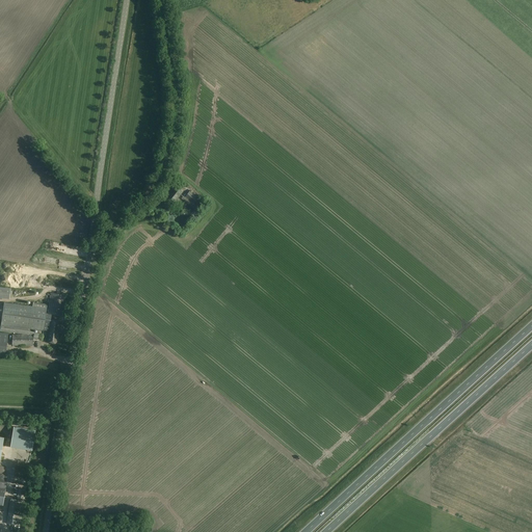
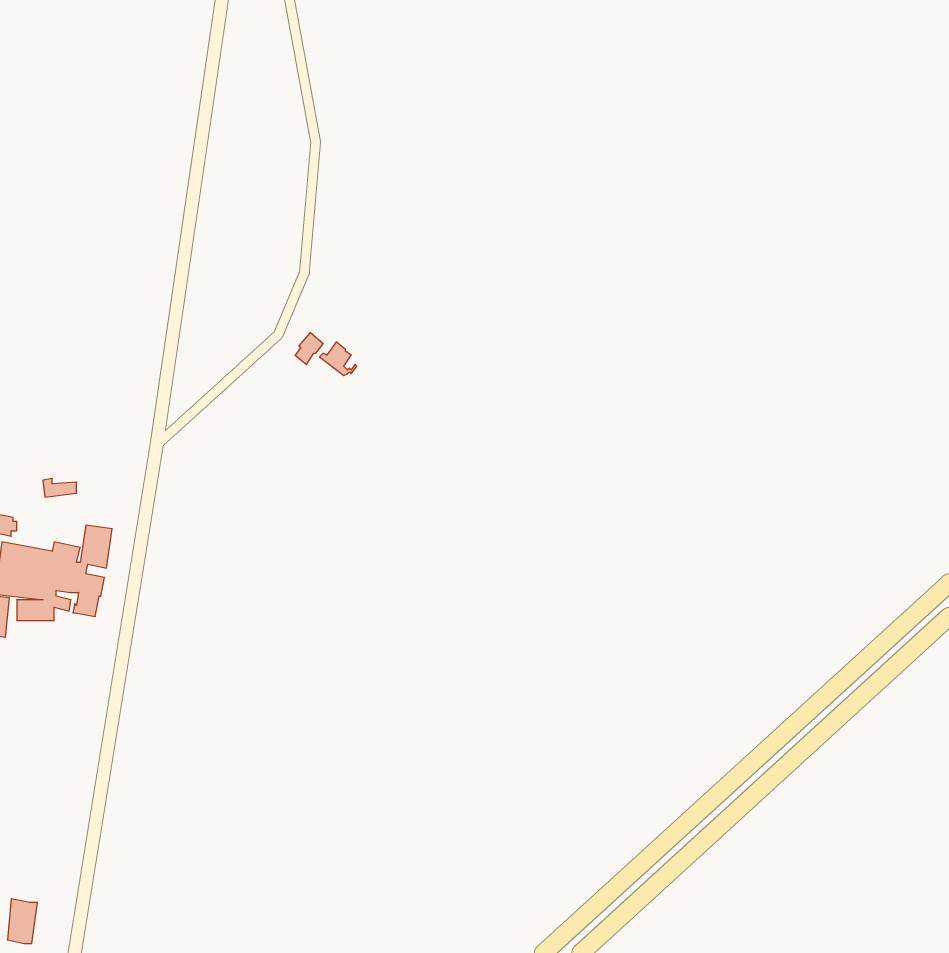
building: [7,426,30,449] -> none

